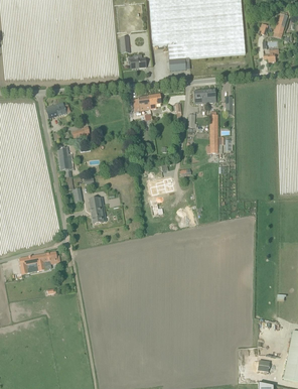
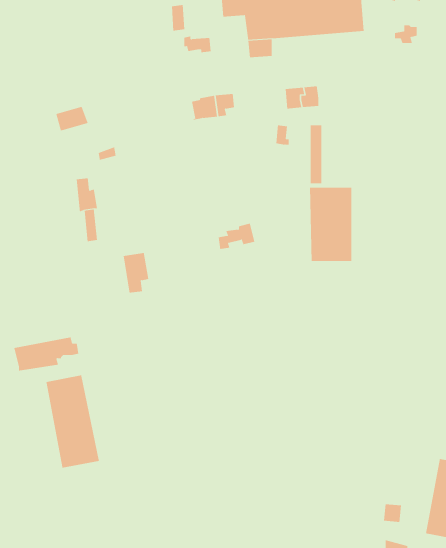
building: none -> [310,187,352,262]
building: none -> [46,375,99,469]

